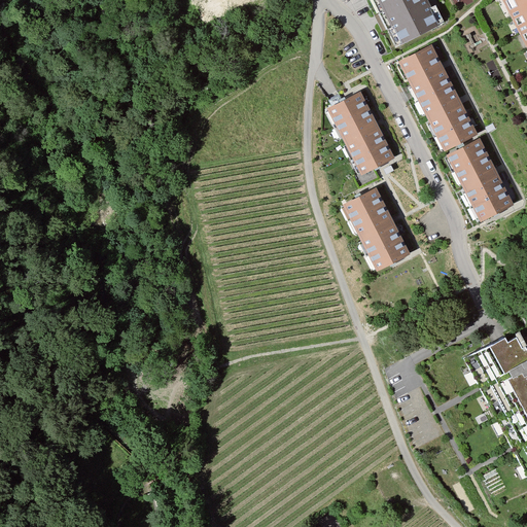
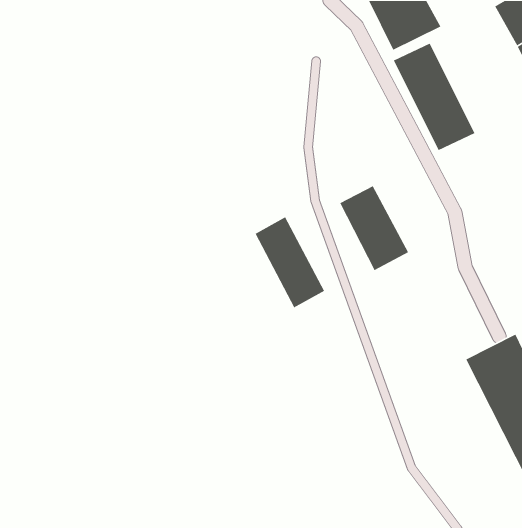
building: [325,90,394,174] -> none
building: [447,136,518,219] -> none
building: none -> [254,216,325,309]

